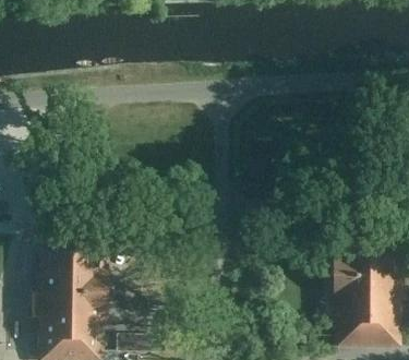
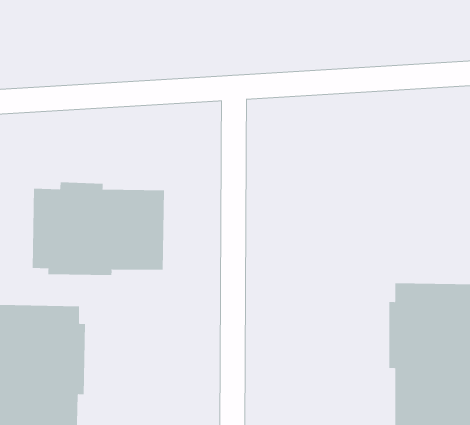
building: none -> [32,182,165,276]

